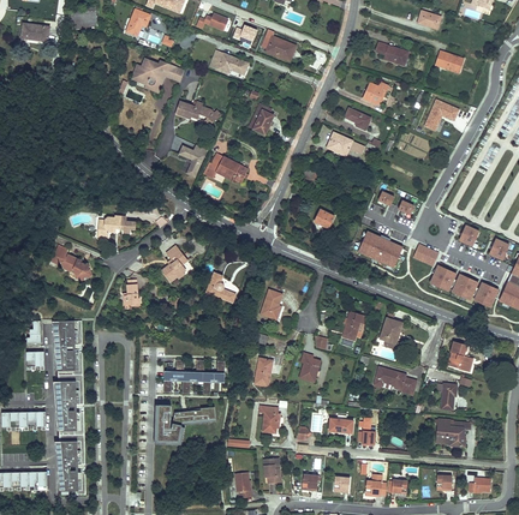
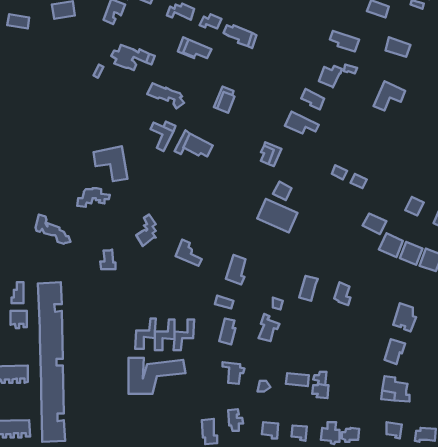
building: none -> [93,146,128,181]
building: [358,230,402,268] -> [257,199,298,233]
building: [374,367,413,391] -> none

